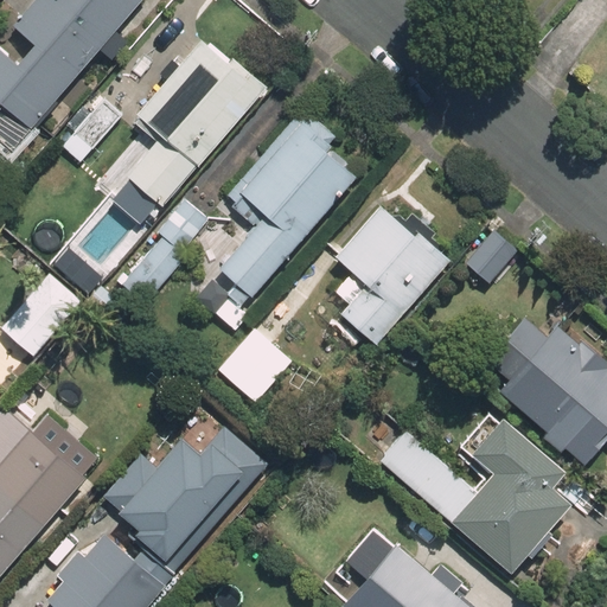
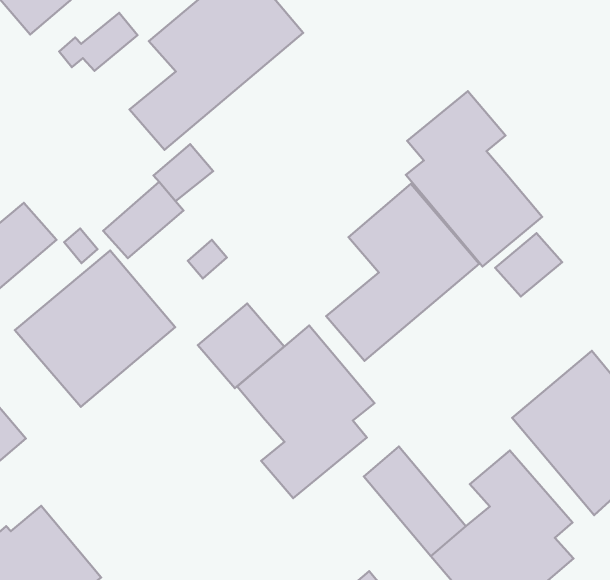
building: [219,108,357,296] -> none
building: none -> [406,91,542,267]
building: none -> [237,326,374,498]
building: [107,424,244,563] -> [15,251,175,407]

